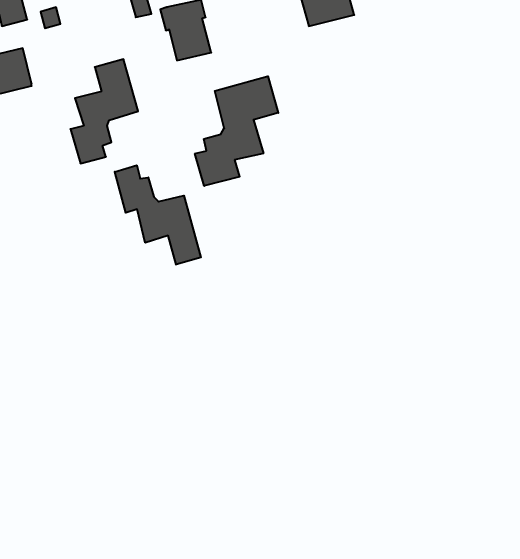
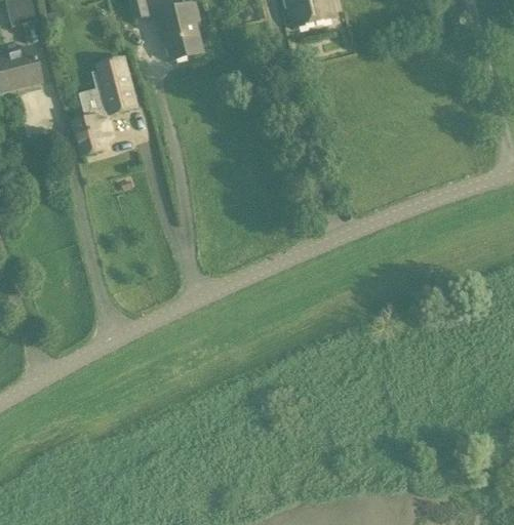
building: [195,76,278,186] -> none
building: [115,165,201,265] -> none

